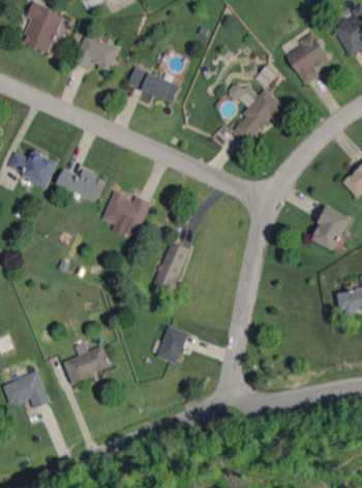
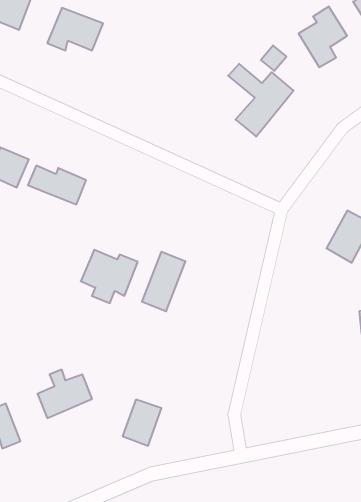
building: [128,66,180,101] -> none
building: [102,191,151,237] -> [81,250,138,303]
building: [156,325,189,364] -> [123,400,161,446]

